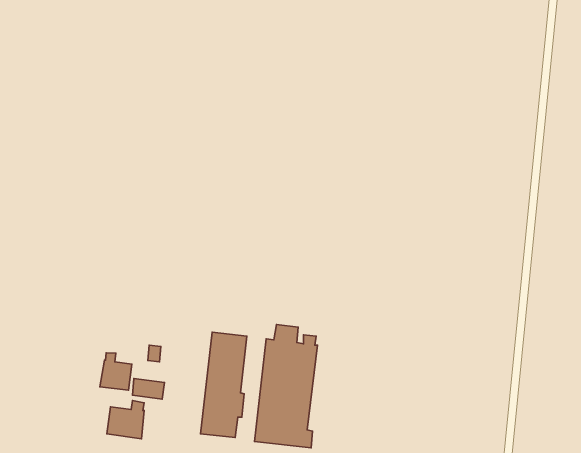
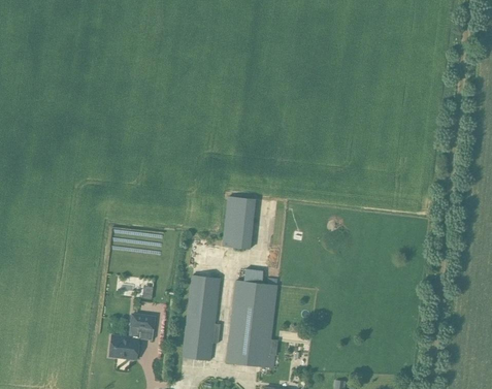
building: none -> [223,197,255,250]
building: [100,353,132,390] -> none

